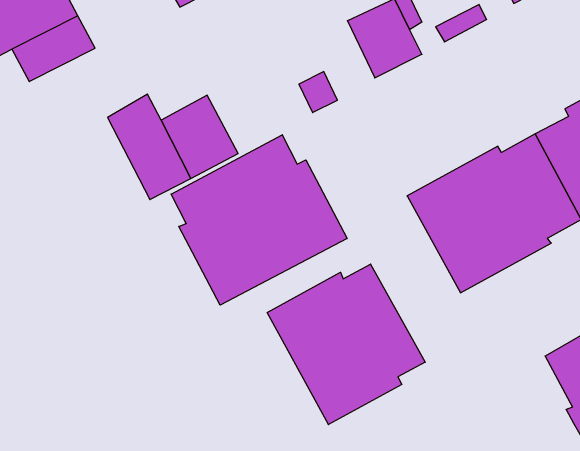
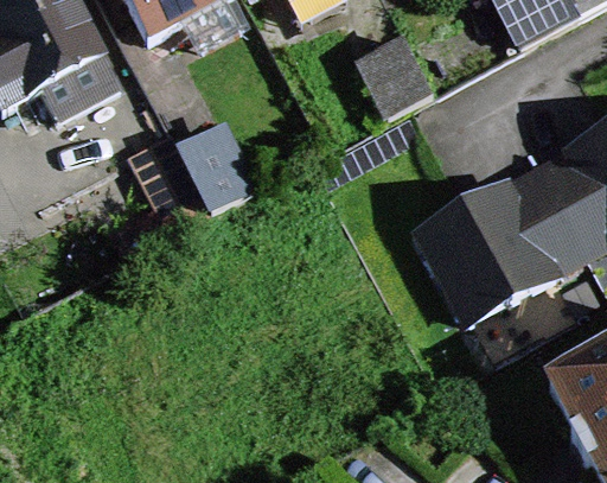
building: [171,135,347,305] -> none
building: [267,264,425,425] -> none

